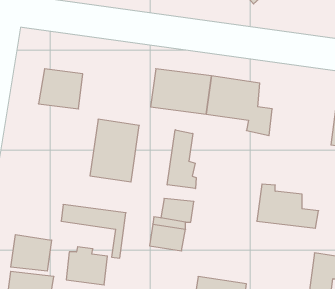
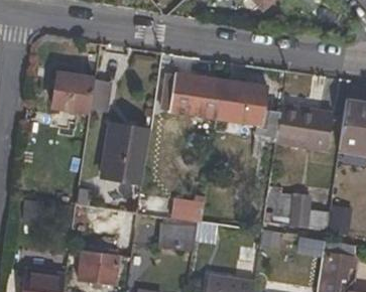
building: none -> [276,105,333,150]
building: [167,130,196,189] -> none
building: [11,235,52,271] -> none

